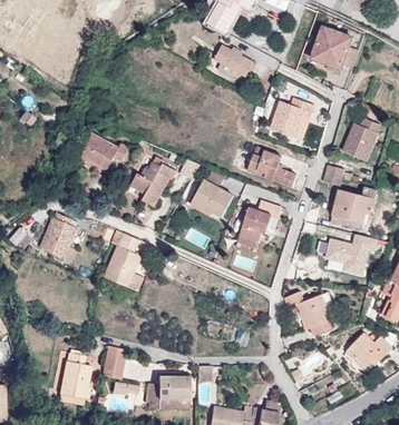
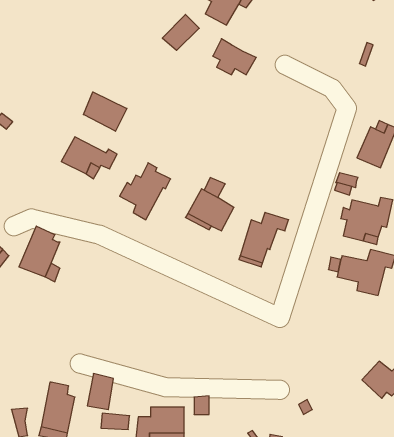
building: none -> [162,14,199,50]
building: [314,28,351,68] -> none
building: none -> [83,92,127,131]
building: [271,98,313,139] -> none
building: [247,148,296,187] -> none
building: [105,230,143,290] -> none
building: [284,291,334,335] -> none

